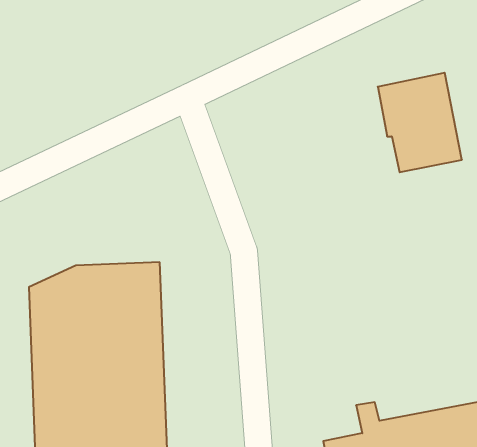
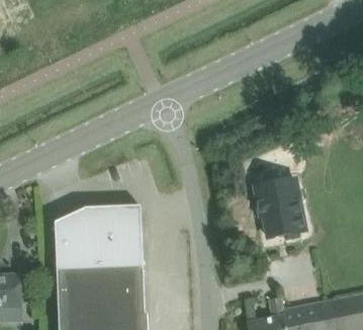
building: [378,73,462,172] -> [251,174,305,239]

